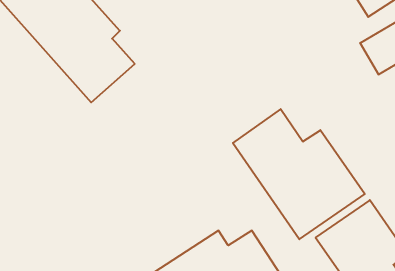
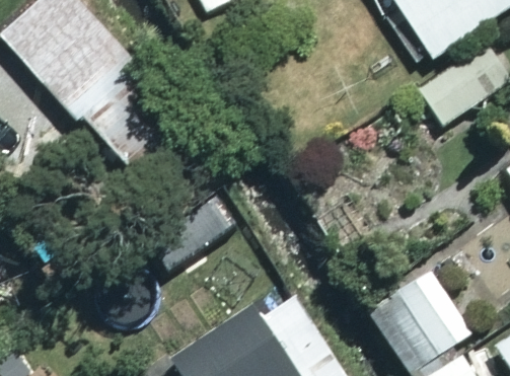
building: [233,109,365,239] -> none

